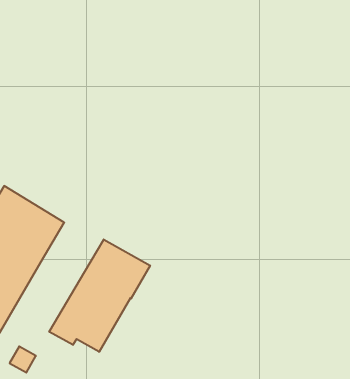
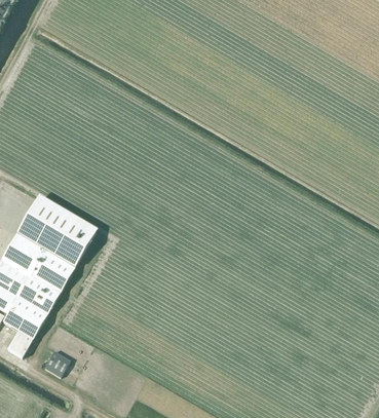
building: [49,239,150,352] -> none

